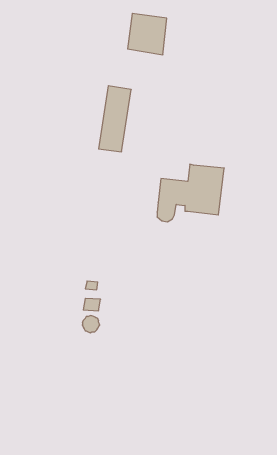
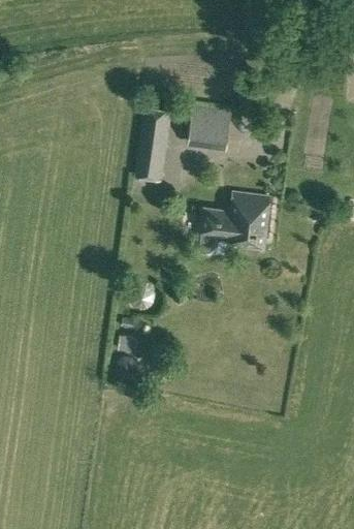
building: [128,13,167,55] -> [190,105,232,150]

